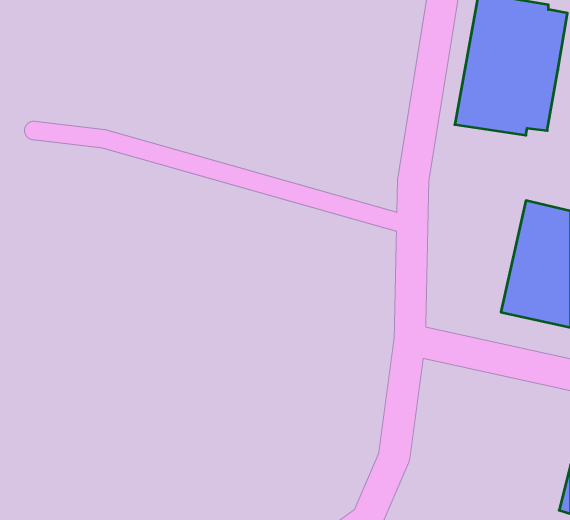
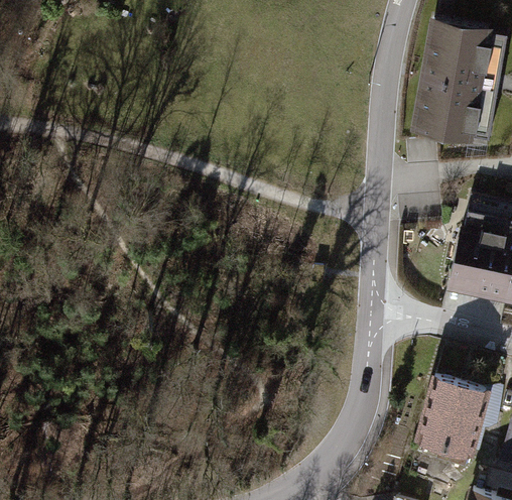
building: none -> [414,375,503,458]

